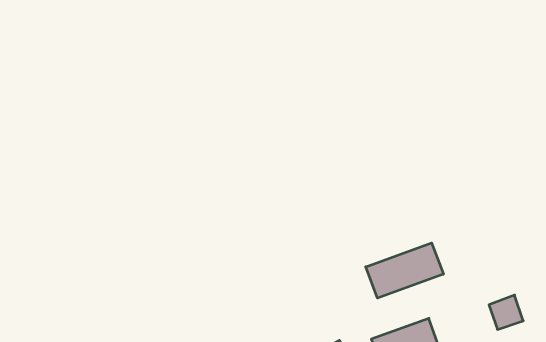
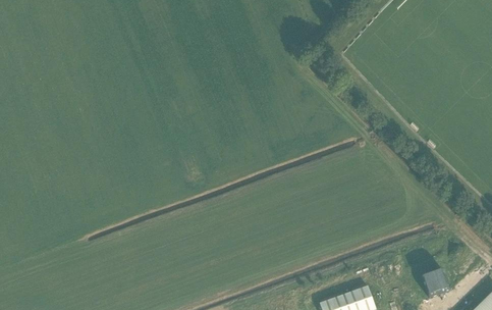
building: [366,243,443,298] -> none

